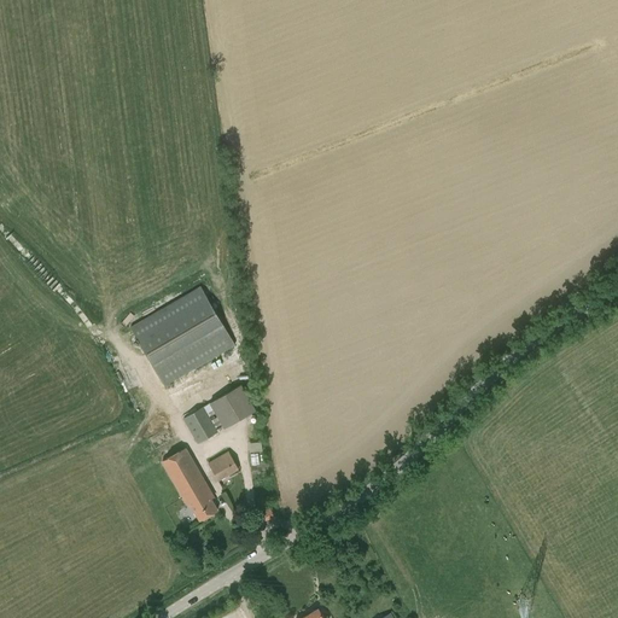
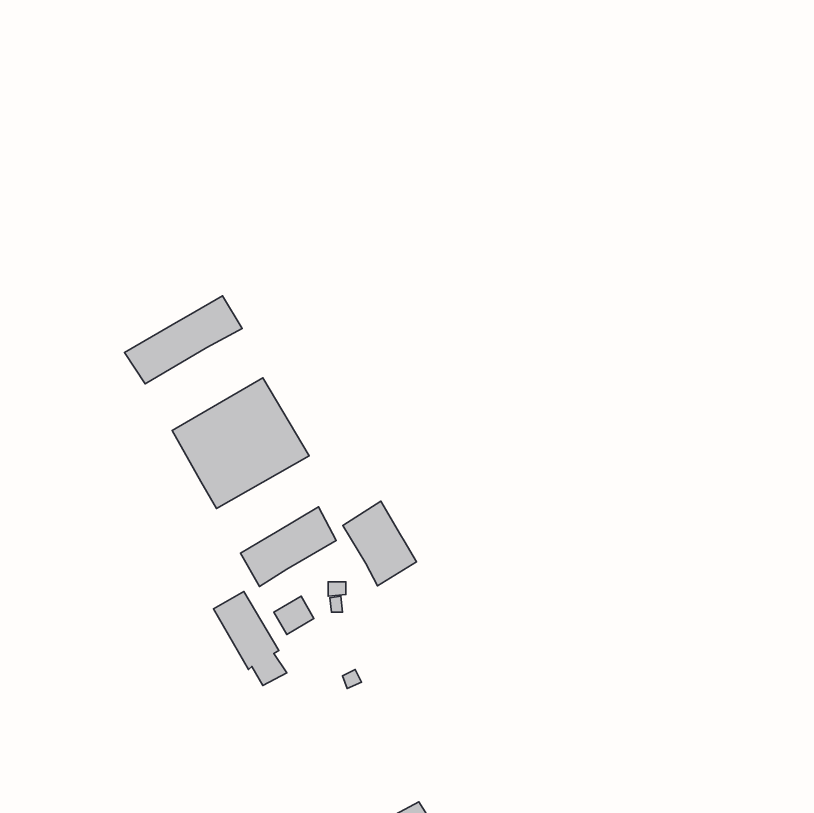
building: none -> [124,296,242,384]
building: none -> [343,501,417,586]

